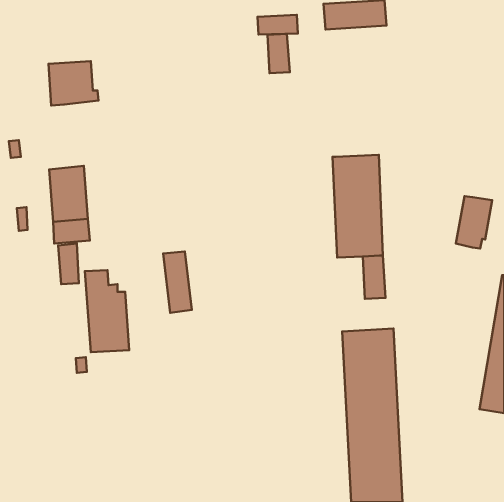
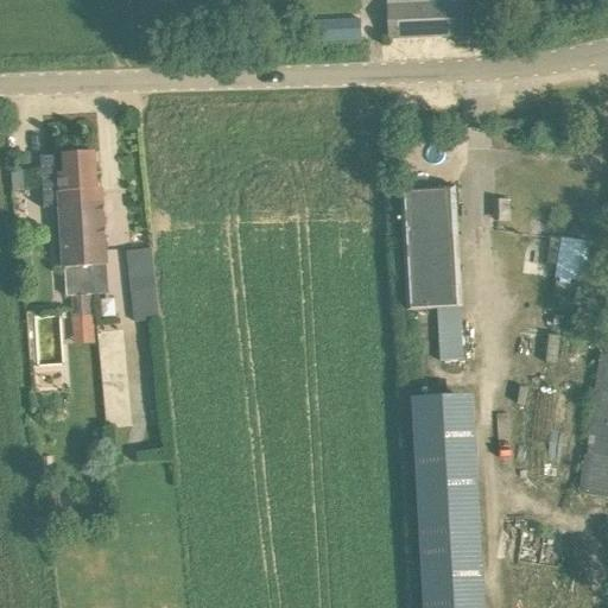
building: [267,34,290,73] -> none
building: [48,61,99,105] -> [40,152,101,205]
building: [163,252,192,313] -> [127,249,162,323]

